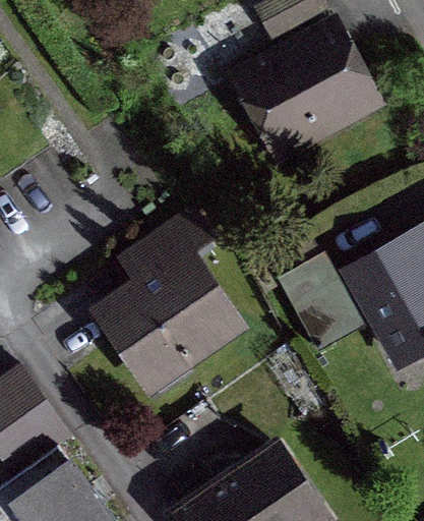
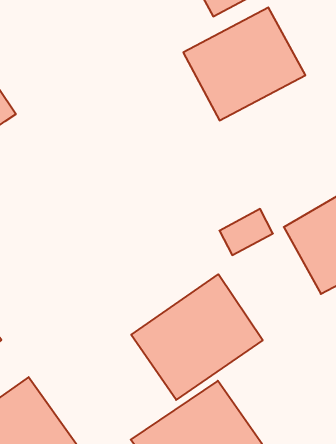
building: [99,214,233,386] -> none
building: none -> [131,274,263,400]

